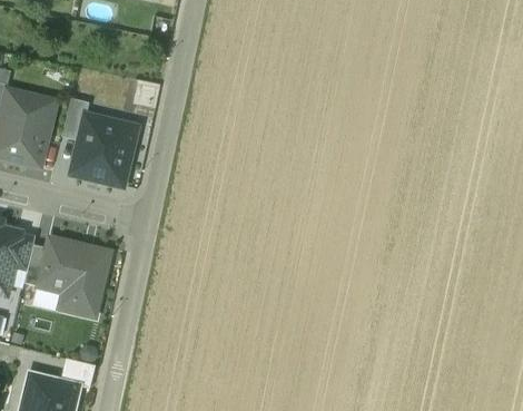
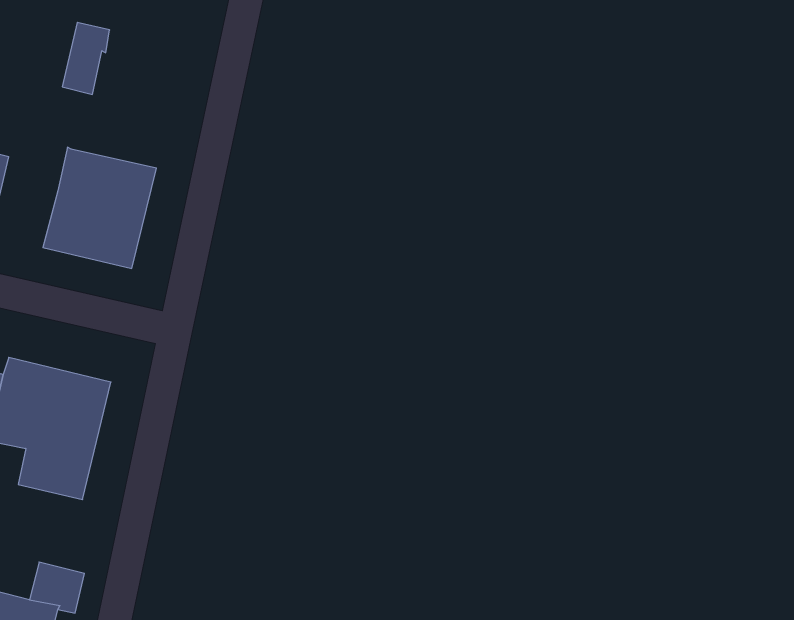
building: [61,97,89,139] -> [62,22,110,94]

